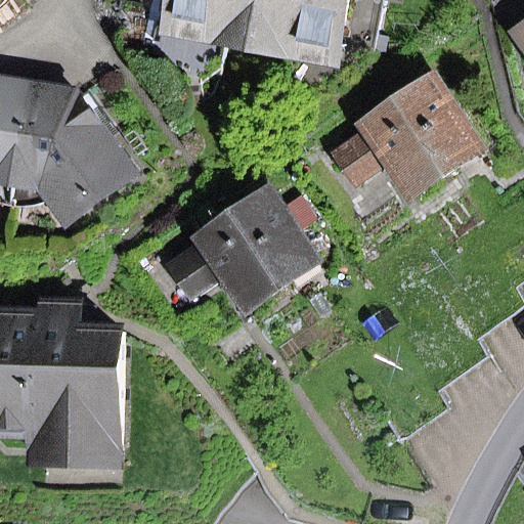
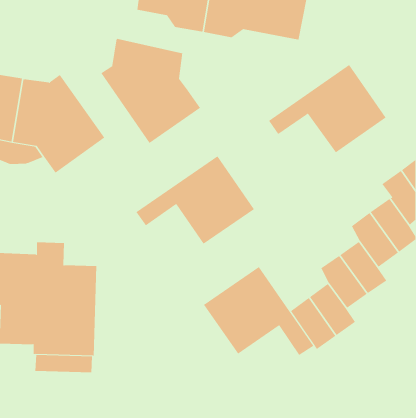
building: none -> [100,35,201,144]
building: none -> [203,266,314,356]

